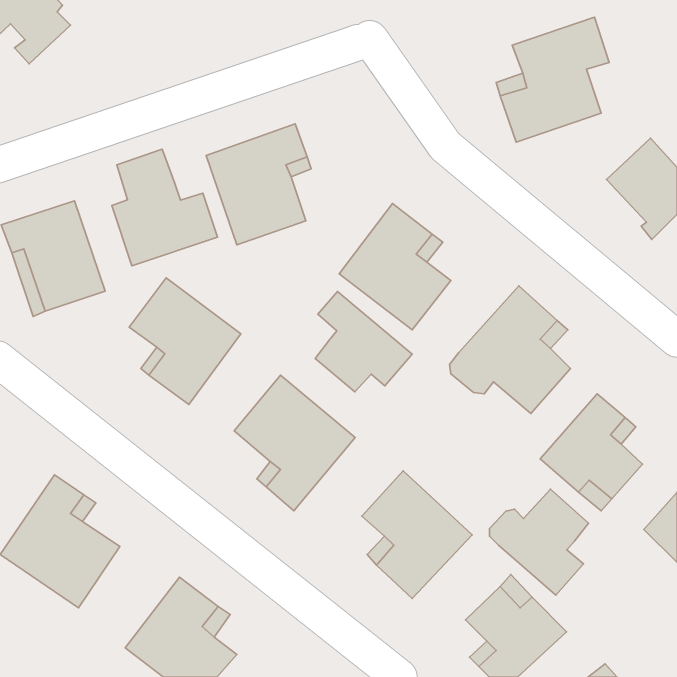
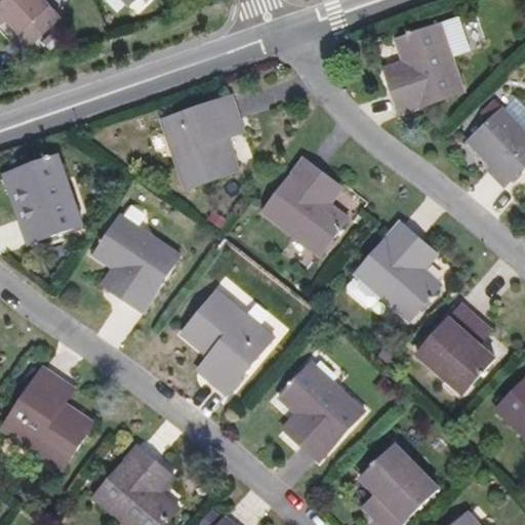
building: [112,149,217,266] -> none
building: [315,292,412,392] -> none
building: [489,489,589,595] -> none

